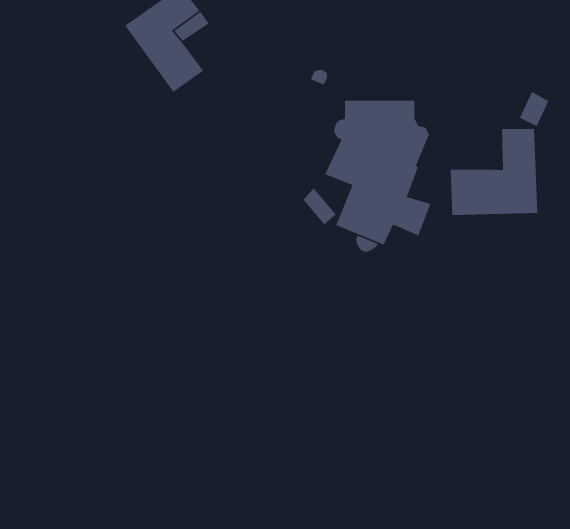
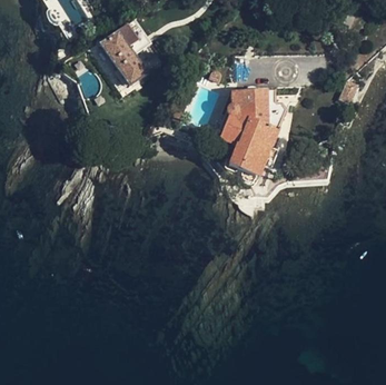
building: [450,128,538,216] -> none

